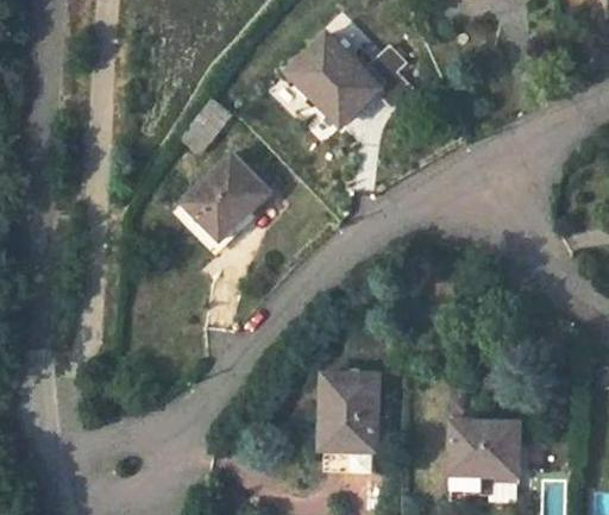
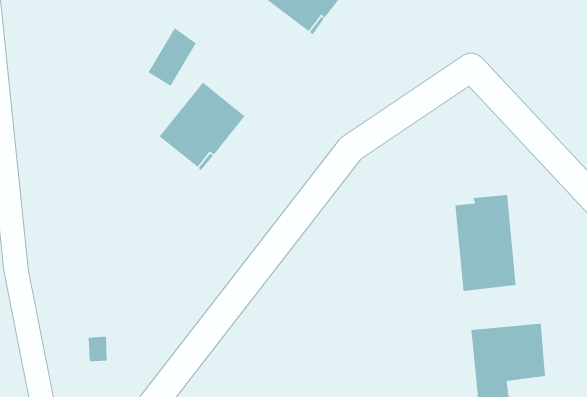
building: none -> [454,194,517,292]
building: [322,373,378,450] -> none

